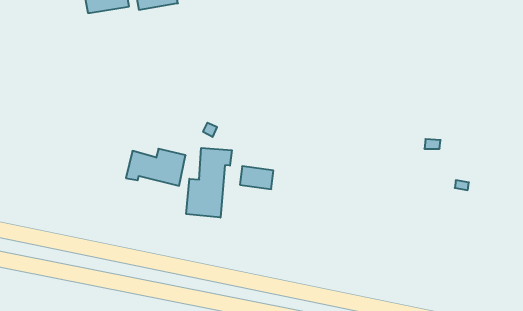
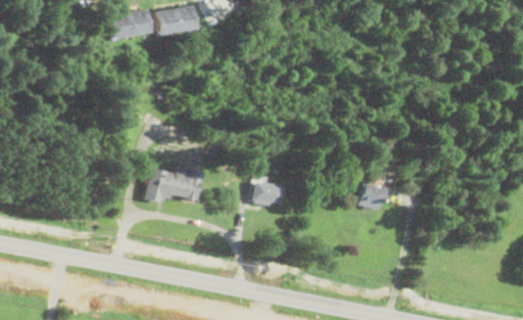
building: [186,148,232,218] -> none
building: none -> [358,185,388,210]

